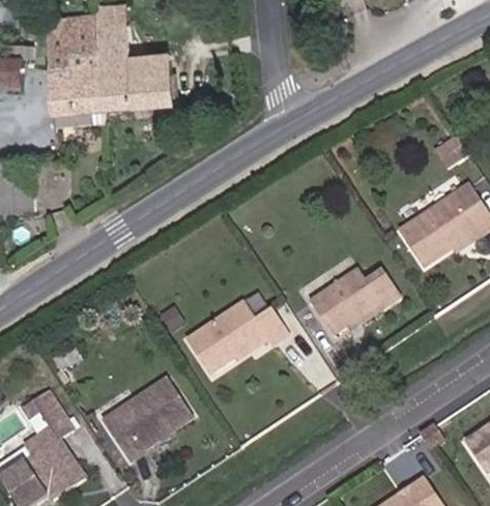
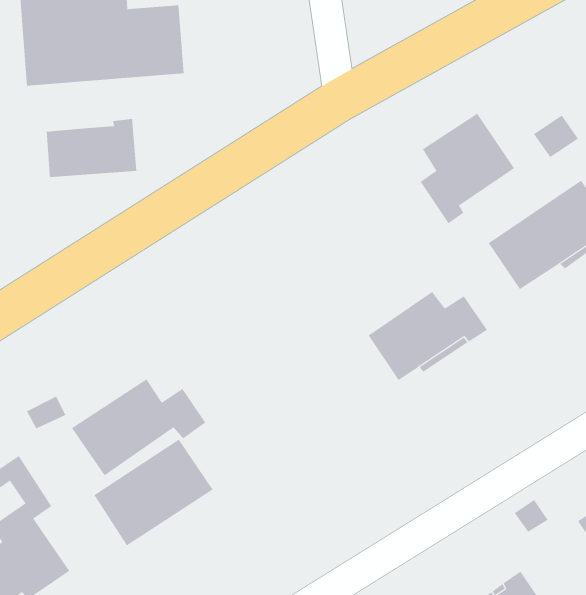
building: none -> [420,113,515,224]
building: none -> [46,118,137,178]
building: [186,300,288,374] -> [71,378,206,476]

